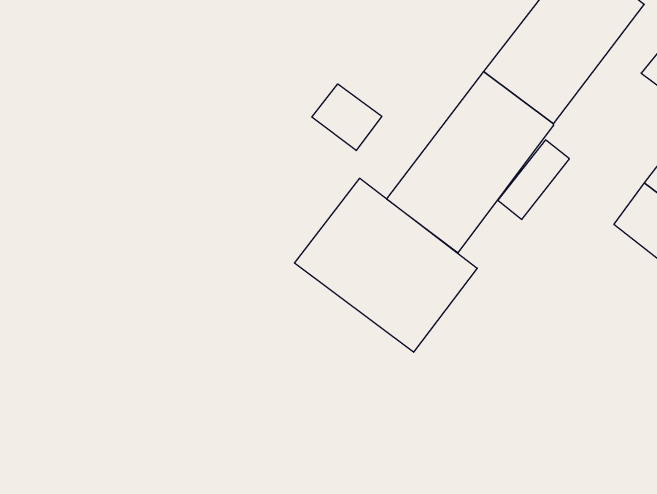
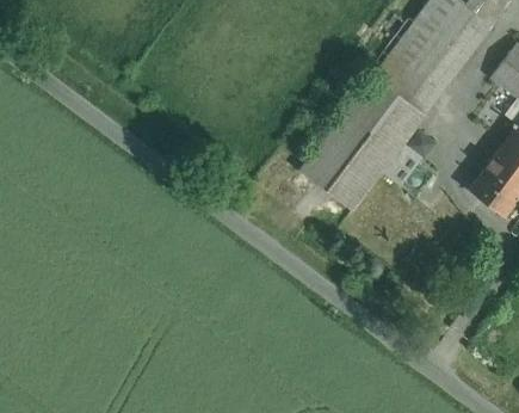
building: [312,84,382,151] -> none
building: [294,178,477,352] -> none

